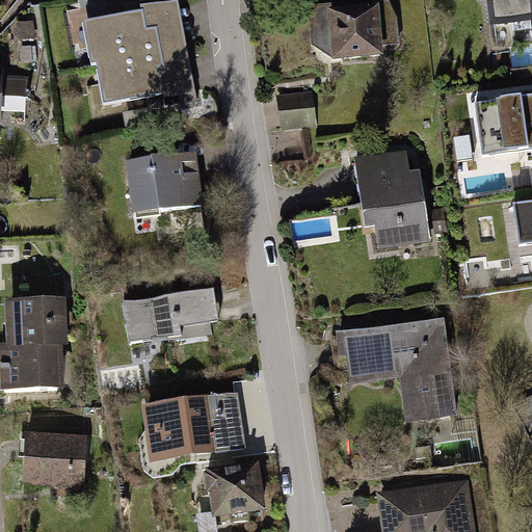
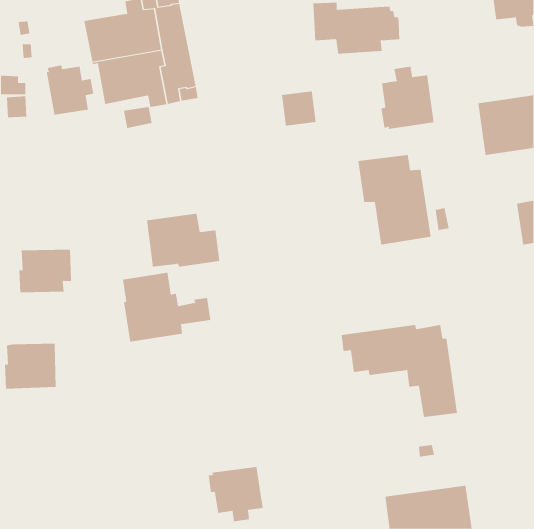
building: none -> [46,65,94,116]
building: none -> [381,66,434,130]
building: [128,154,202,208] -> [146,213,220,267]
building: [10,299,63,343] -> [19,249,72,293]
building: [147,392,243,453] -> none
building: [25,434,84,482] -> none

